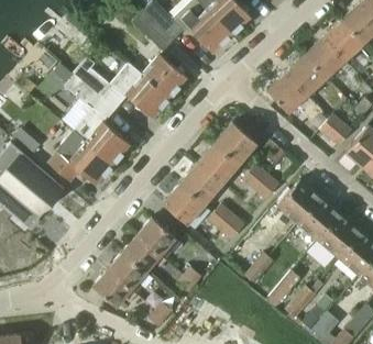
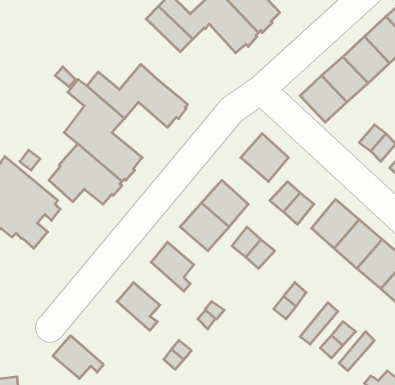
building: [143,54,186,97] -> none
building: [199,143,240,184] -> none
building: [122,234,166,271] -> none
building: [92,268,136,306] -> [53,336,103,379]

